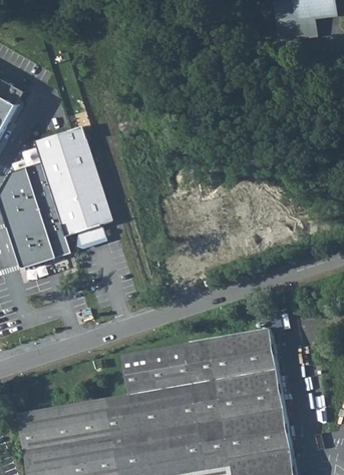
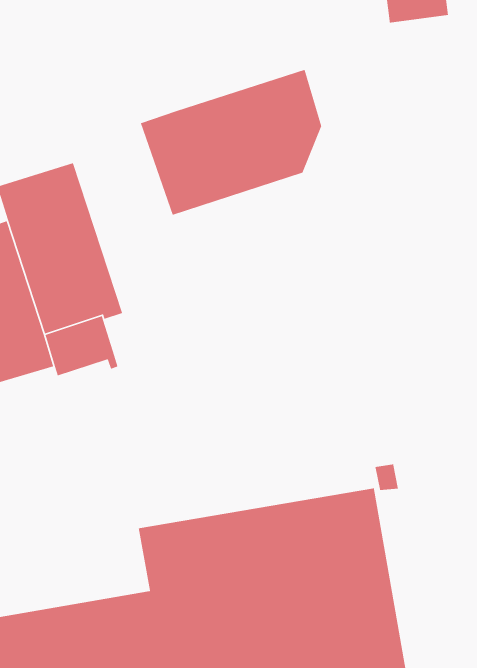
building: none -> [140,69,322,216]

